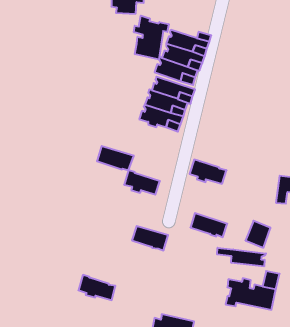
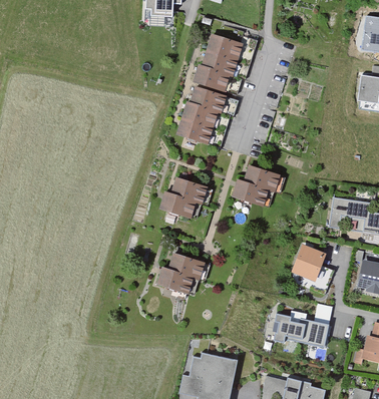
building: [134,16,169,60] -> none
building: [97,146,134,170] -> [170,177,212,205]
building: [190,213,227,237] -> [243,165,284,192]
building: [217,248,266,266] -> none
building: [78,275,115,300] -> [155,267,197,295]

